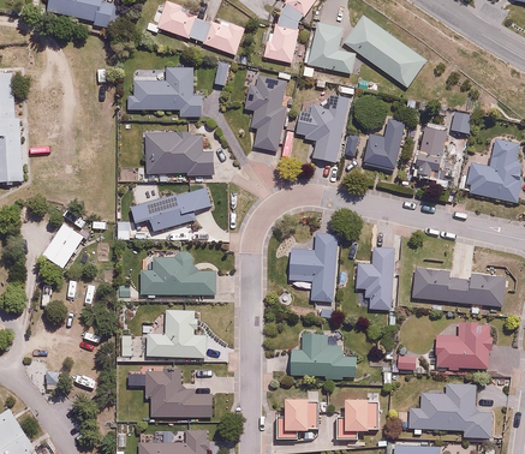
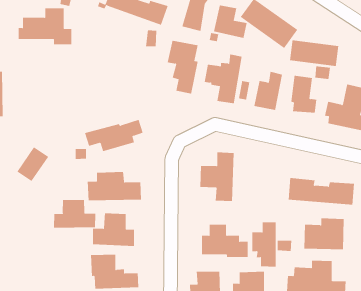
building: [130,64,205,115] -> [18,8,72,45]
building: none -> [290,40,339,67]
building: [147,131,216,175] -> none
building: [359,246,394,310] -> [252,222,277,267]
building: none -> [53,199,96,228]

